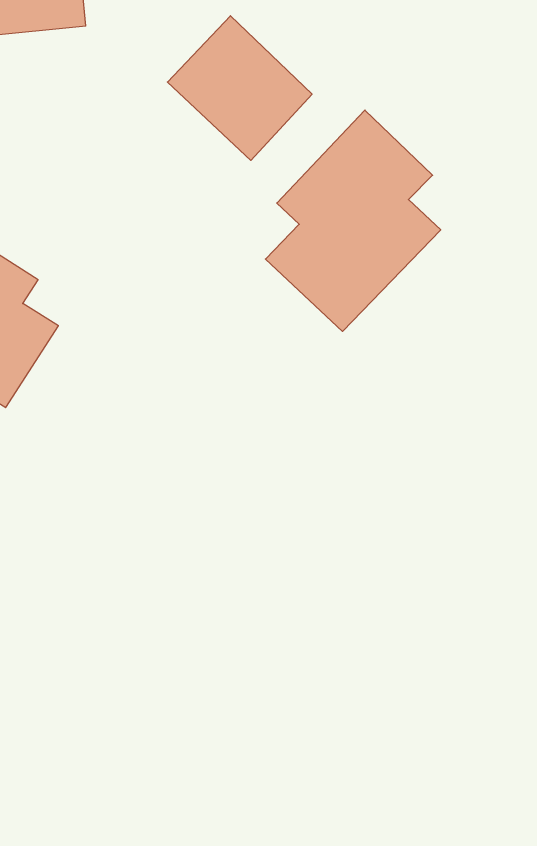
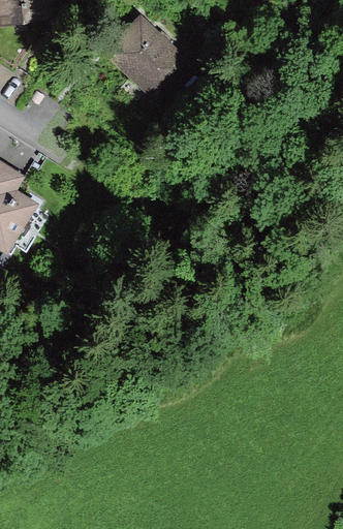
building: [265,110,441,331] -> none

